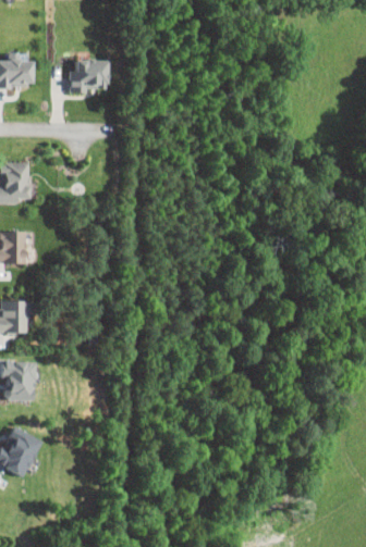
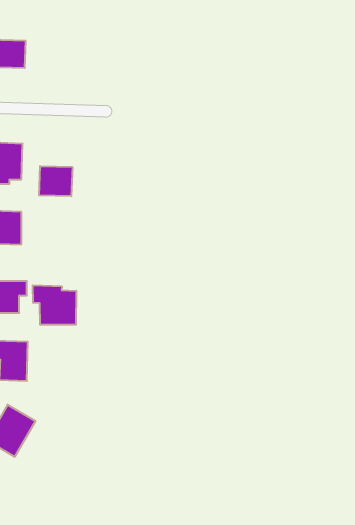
building: [70,59,109,92] -> none
building: none -> [39,166,72,196]
building: none -> [33,285,76,325]

